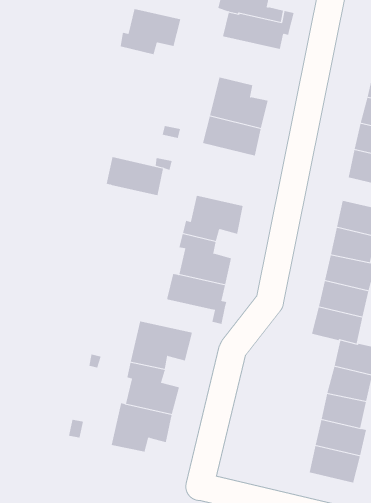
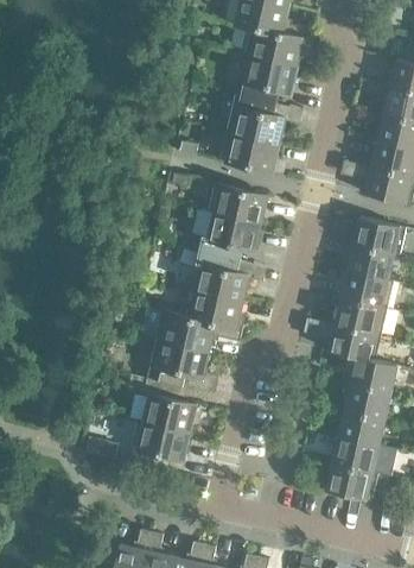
building: [120,9,181,55] -> [236,55,298,101]
building: [106,157,164,196] -> [209,183,267,222]
building: none -> [157,310,231,349]

